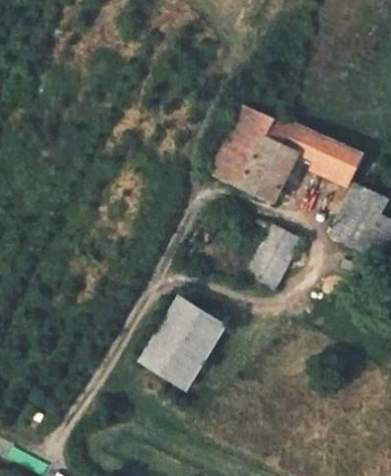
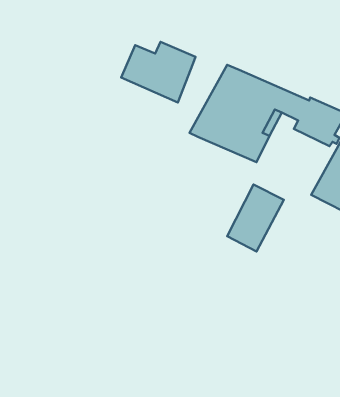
building: none -> [121,42,196,102]
building: [140,295,227,390] -> none

